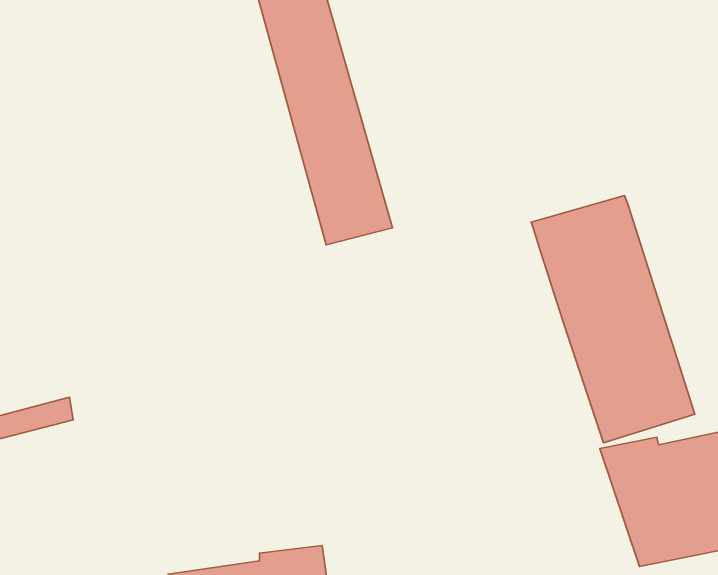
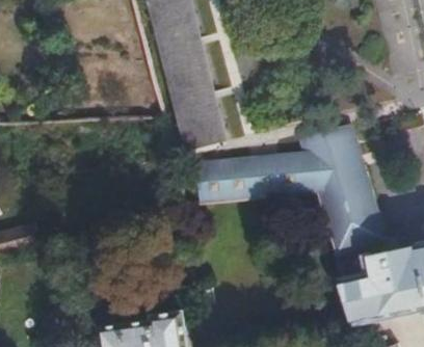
building: none -> [193,152,315,203]

